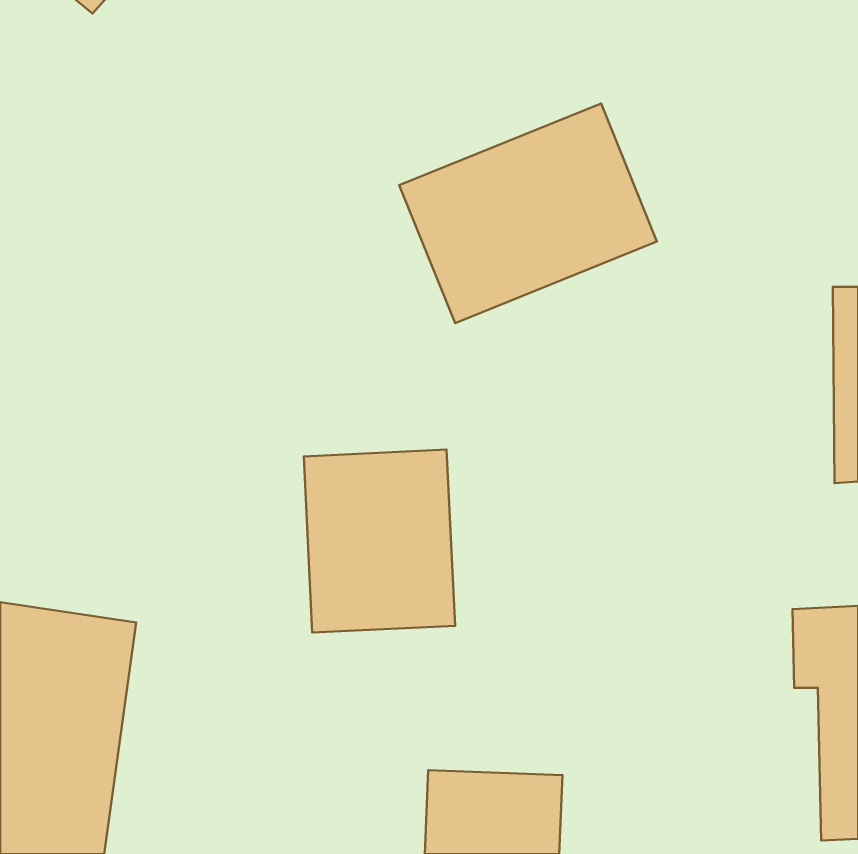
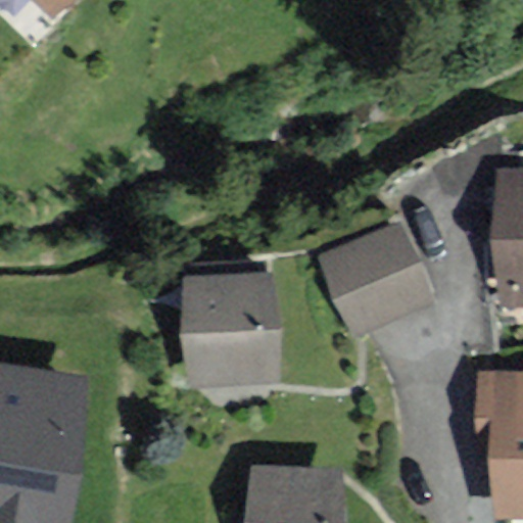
building: [399,104,657,323] -> none
building: none -> [319,221,434,339]

